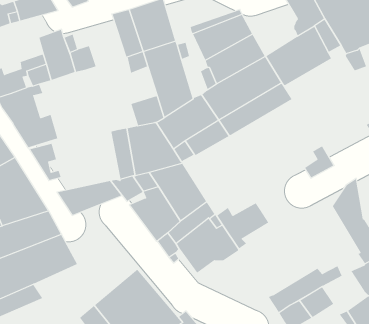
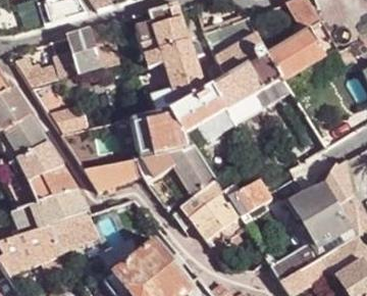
building: none -> [292,184,350,243]

